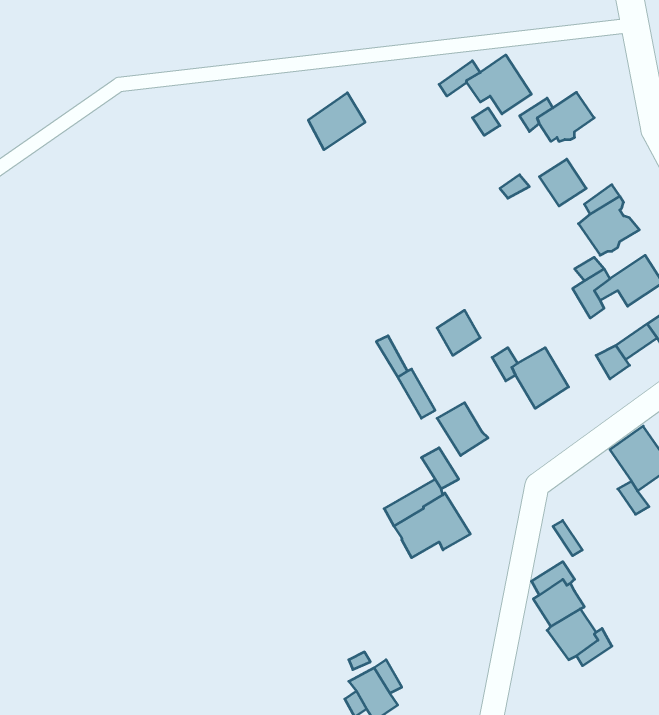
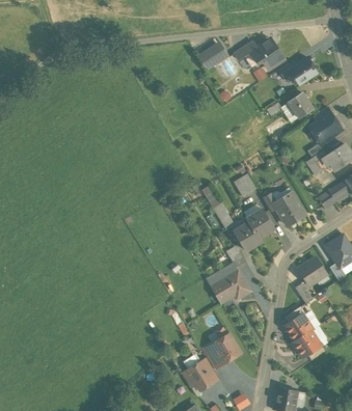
building: [308,93,365,150] -> [198,40,228,71]
building: none -> [246,210,273,238]
building: none -> [298,257,326,285]
building: none -> [205,334,241,367]

